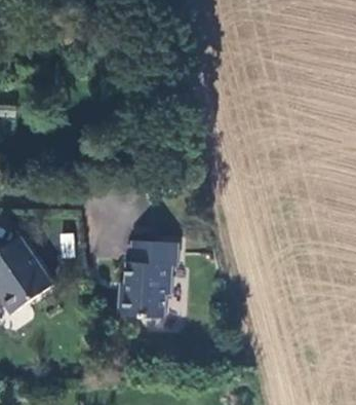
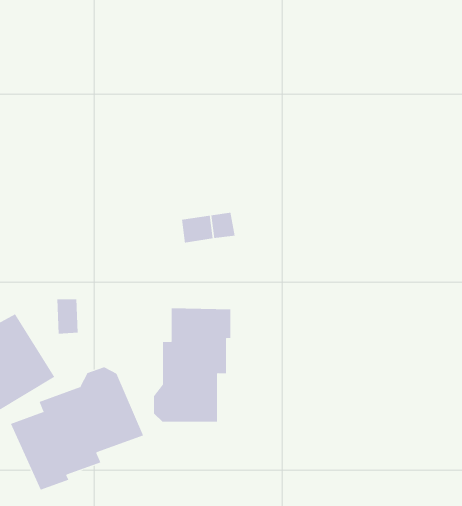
building: none -> [10,366,144,491]

